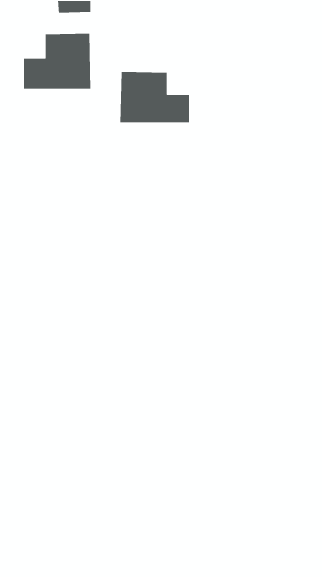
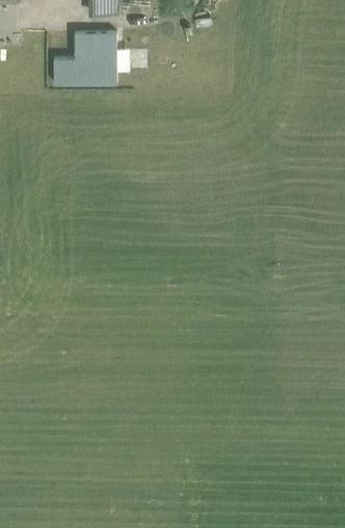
building: [119,71,190,123] -> none

